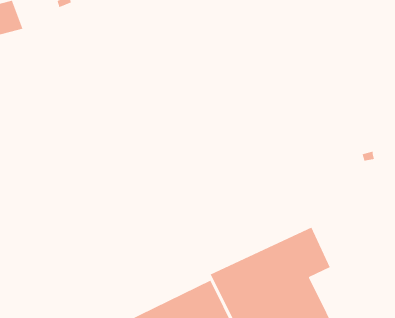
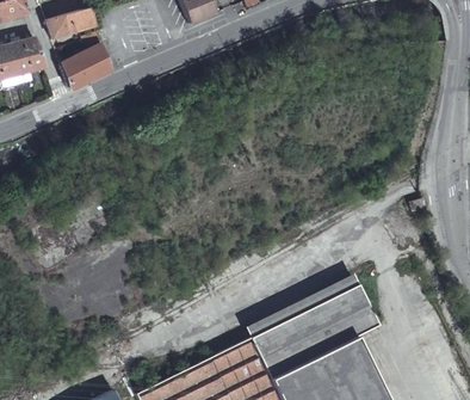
building: none -> [62,43,111,87]

